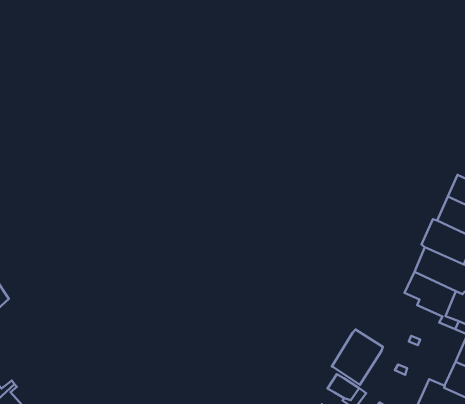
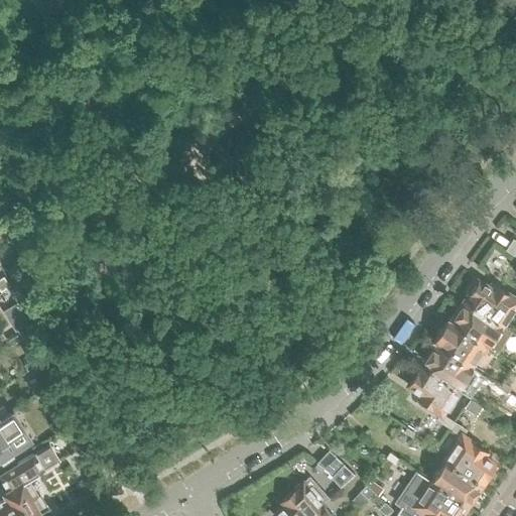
building: [332,330,383,385] -> none

